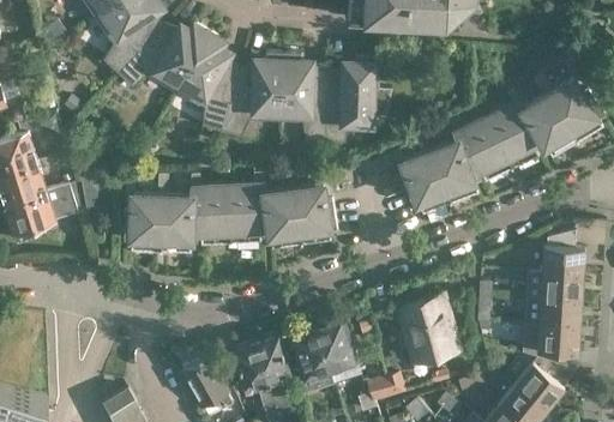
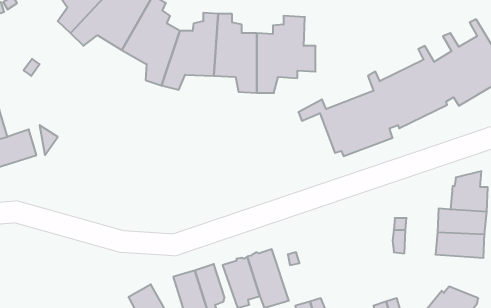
building: [125,171,353,252] -> none
building: [397,293,462,364] -> none
building: [525,322,580,372] -> none

